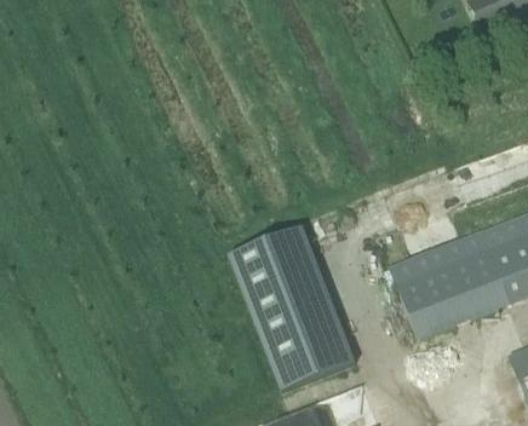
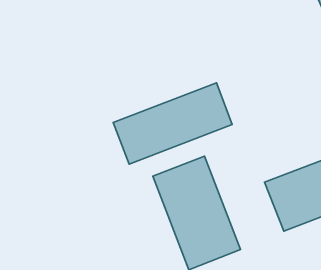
building: none -> [113,83,232,164]

